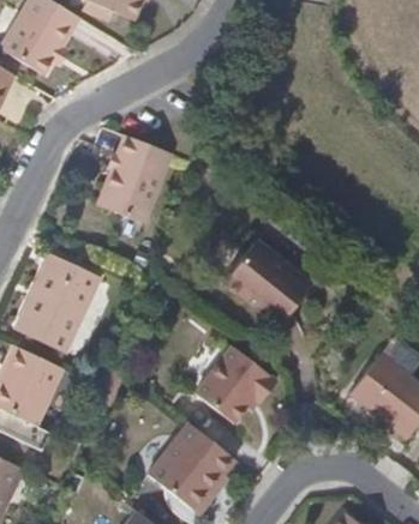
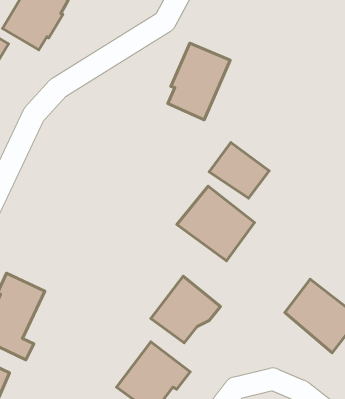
building: [98,133,173,224] -> [168,43,230,120]
building: none -> [209,142,269,198]
building: [20,258,107,355] -> none

